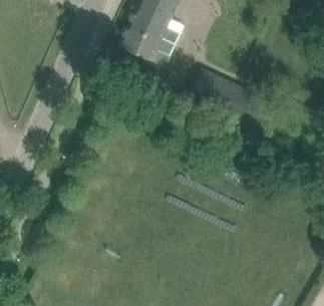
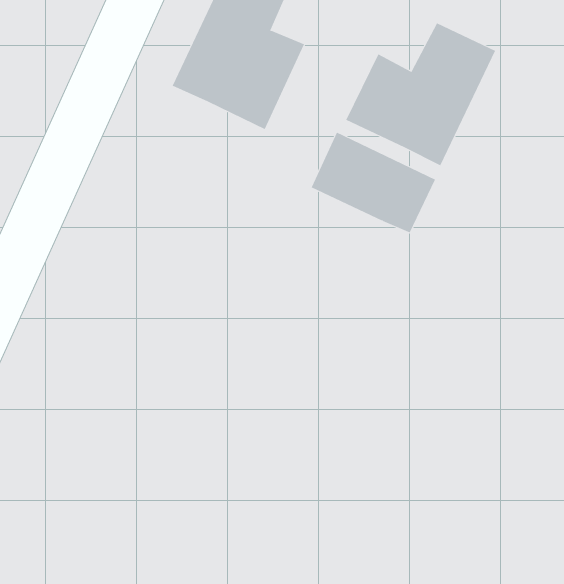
building: none -> [345,23,496,166]

